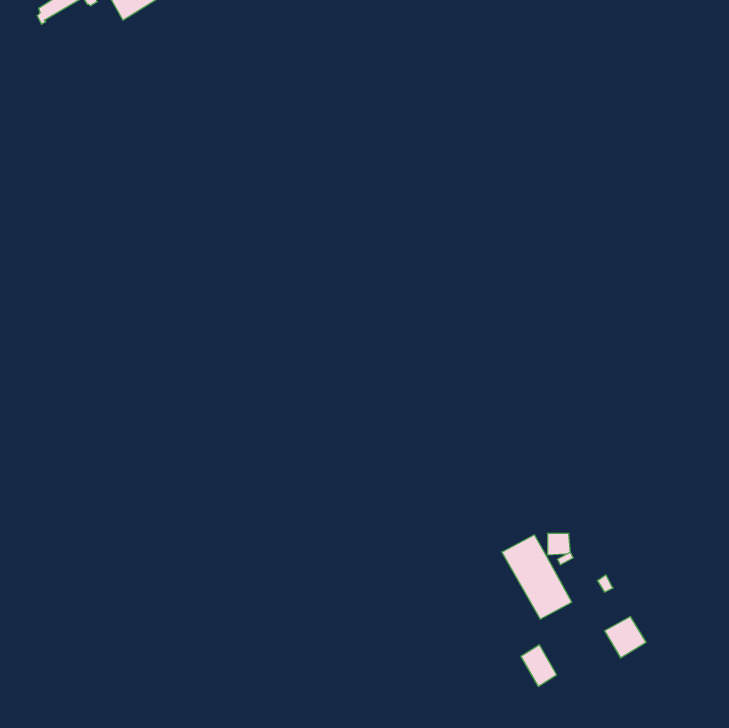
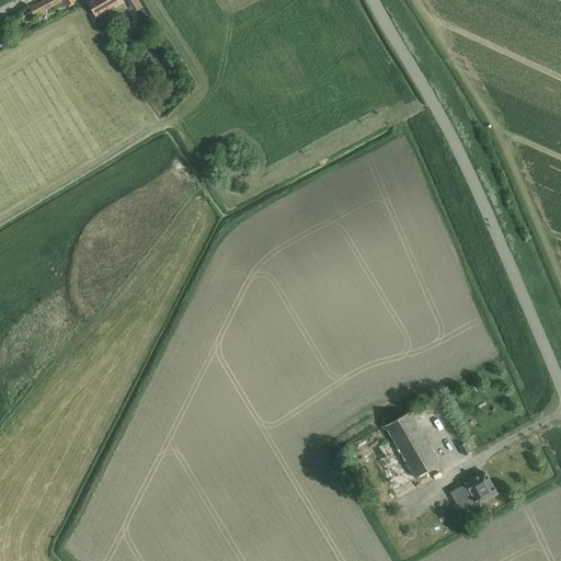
building: [521,645,557,686] -> [449,483,477,515]

